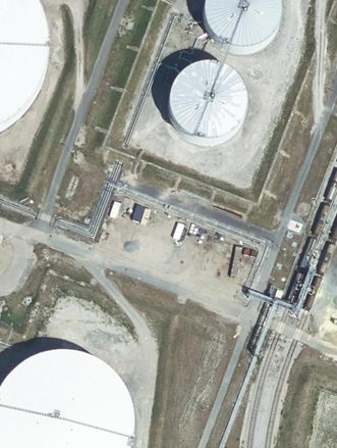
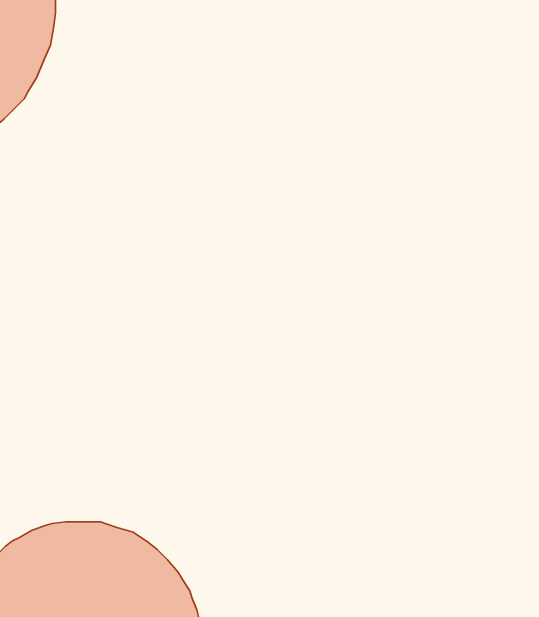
building: [171,56,245,132] -> none

